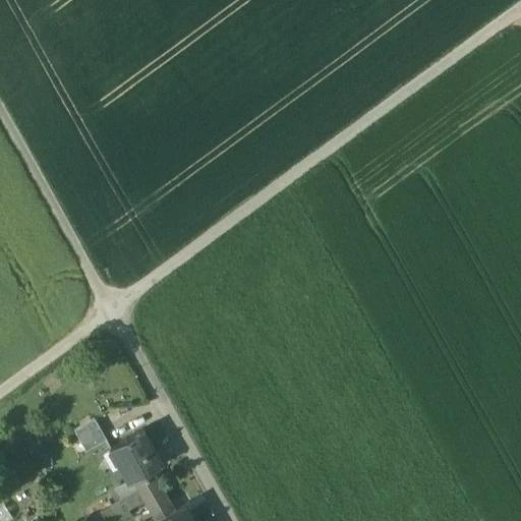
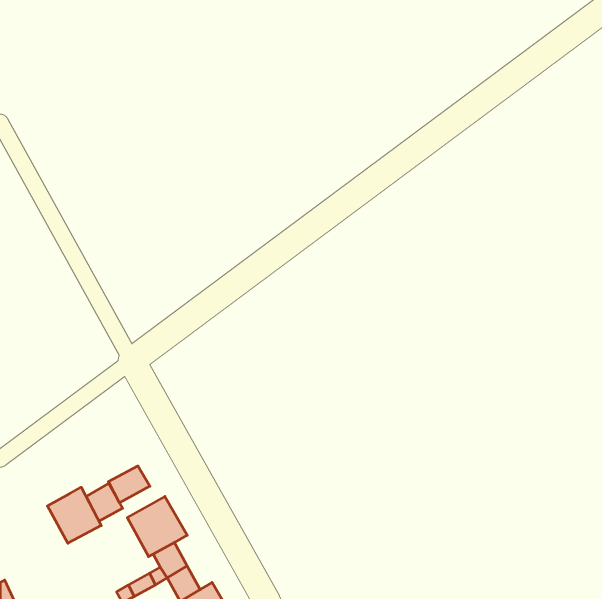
building: none -> [108,466,150,503]
building: none -> [47,487,101,543]

